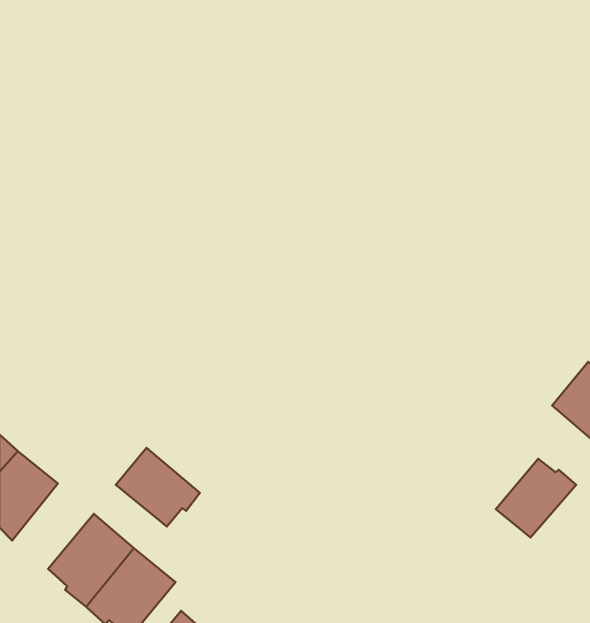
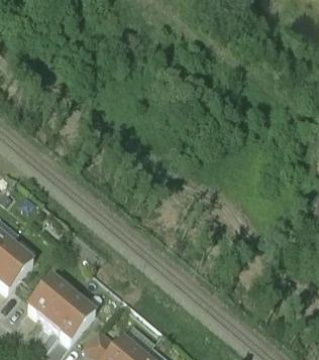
building: [116,448,200,526] -> none
building: [496,459,576,538] -> none

